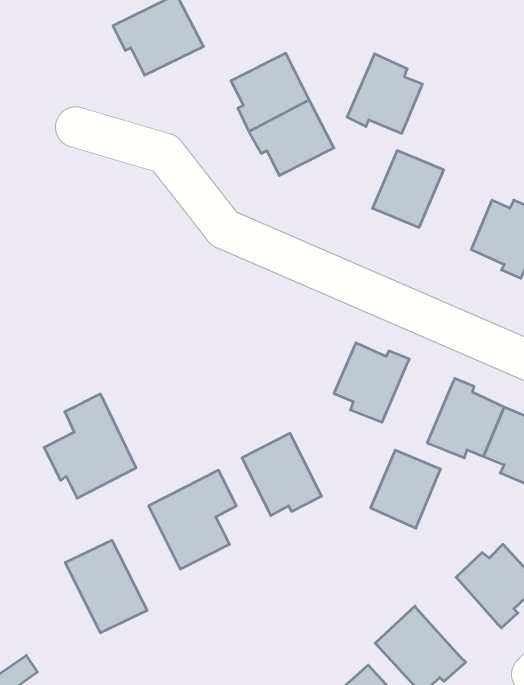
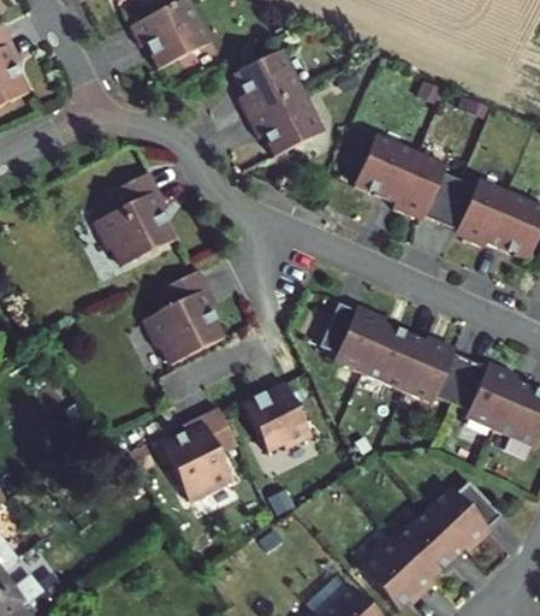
building: [347,54,422,133] -> [394,150,461,220]
building: none -> [94,172,176,265]
building: [44,394,136,498] -> [143,272,224,363]
building: [371,450,441,528] -> [364,321,426,390]
building: [65,540,147,633] -> none
building: none -> [397,508,465,578]

